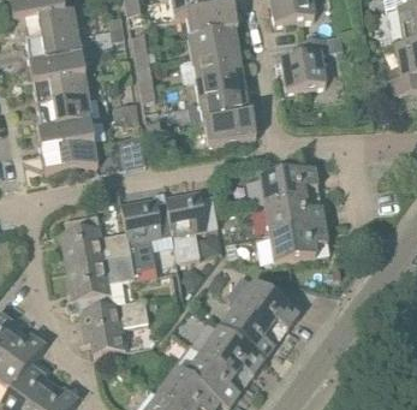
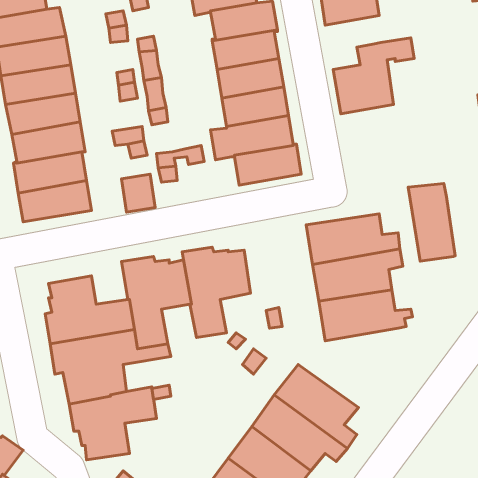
building: none -> [408,183,455,261]

